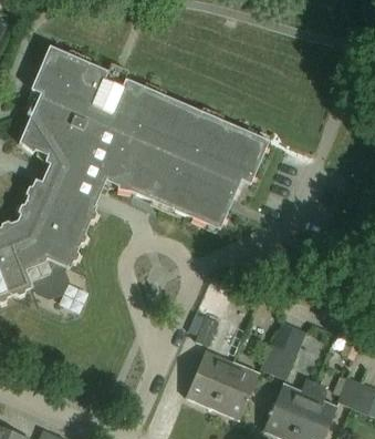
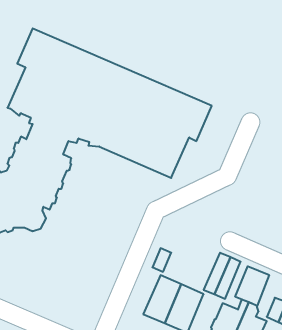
building: none -> [235,266,269,306]

